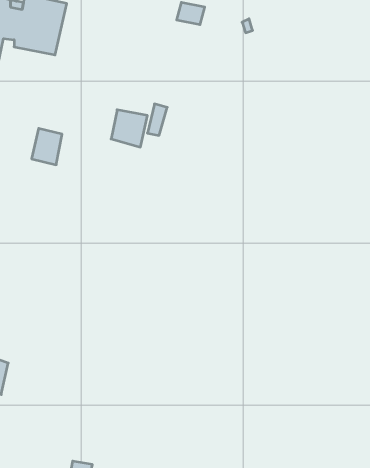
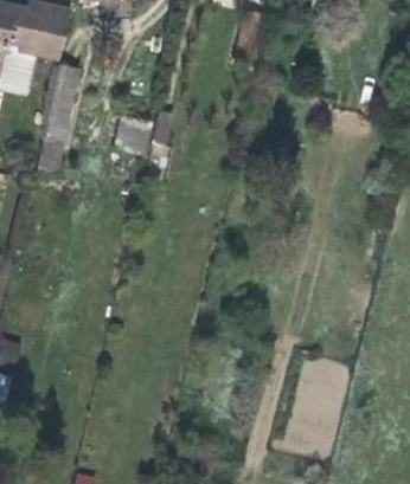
building: none -> [43,63,82,140]

